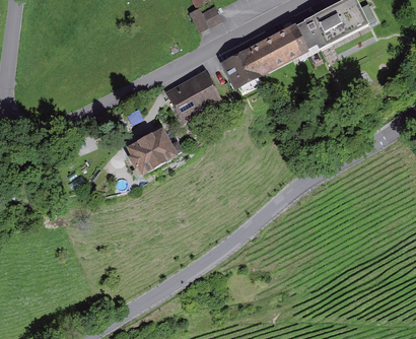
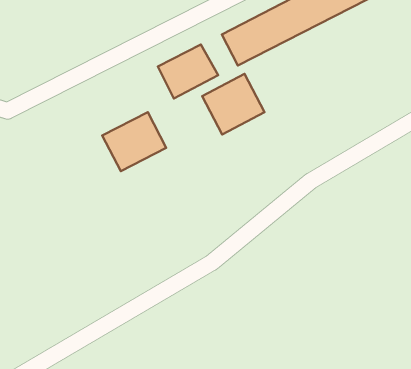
building: none -> [202,74,265,134]

